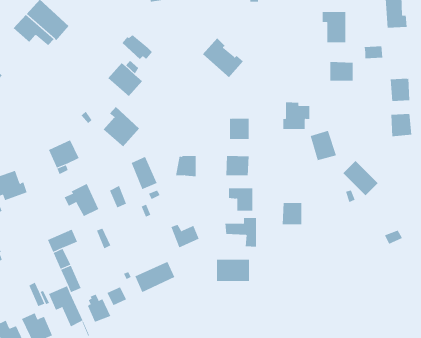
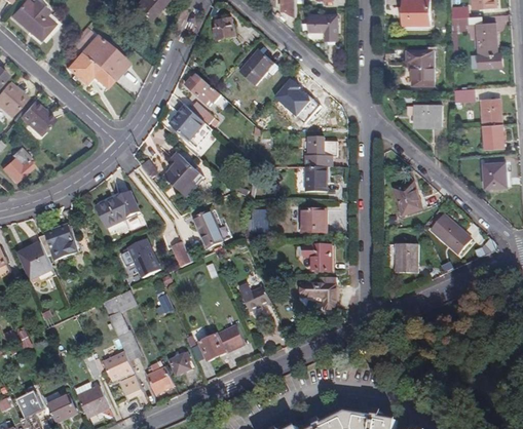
building: none -> [240,49,278,84]
building: none -> [481,98,501,124]
building: [282,102,310,130] -> [306,136,337,167]
building: [282,203,302,225] -> [395,247,417,272]
building: [217,259,250,282] -> none

